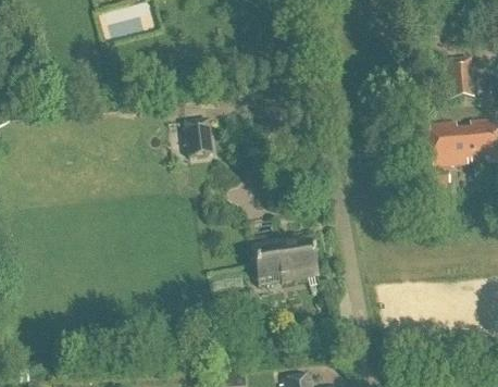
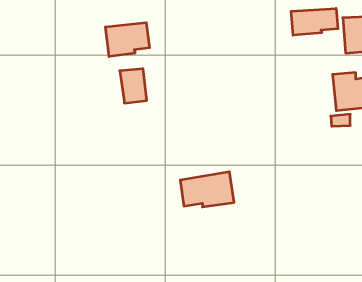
building: none -> [291,8,338,35]
building: none -> [105,23,150,57]

